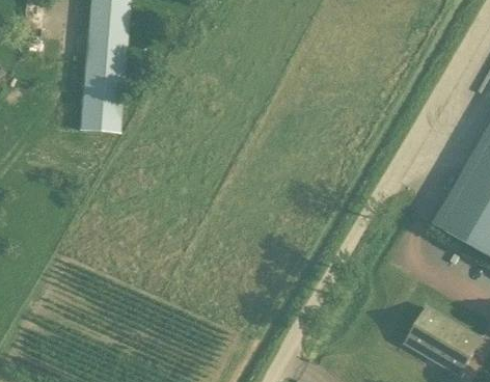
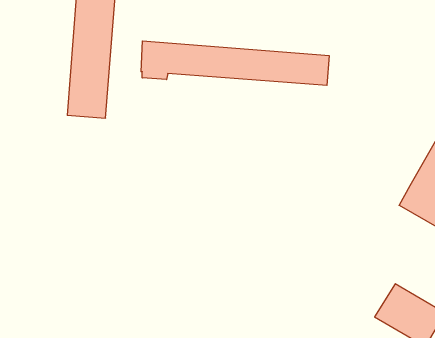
building: none -> [141,41,329,85]

